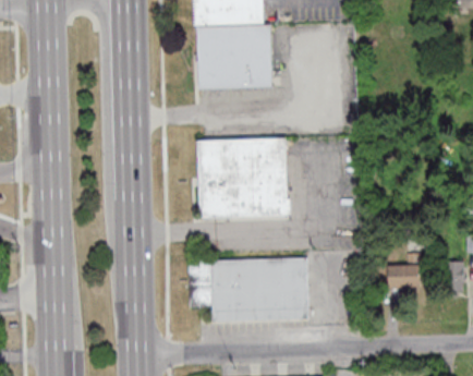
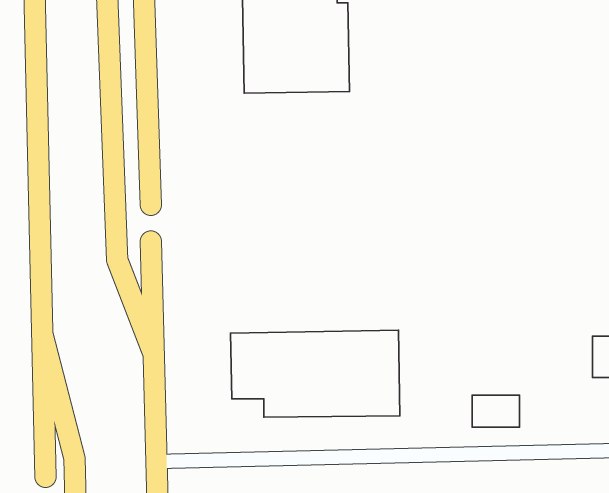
building: [196,137,287,217] -> none
building: [388,265,422,288] -> [472,395,519,427]

